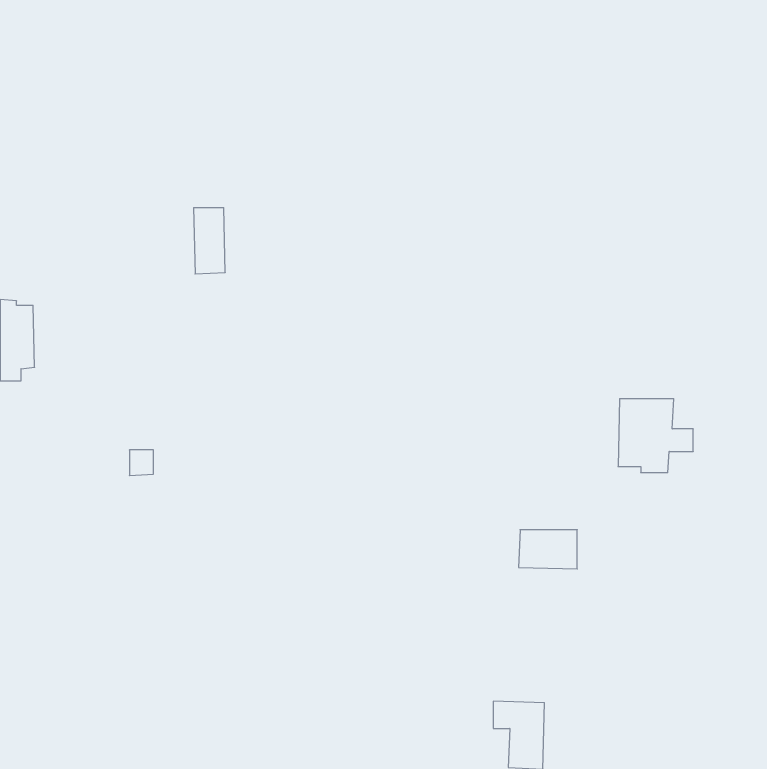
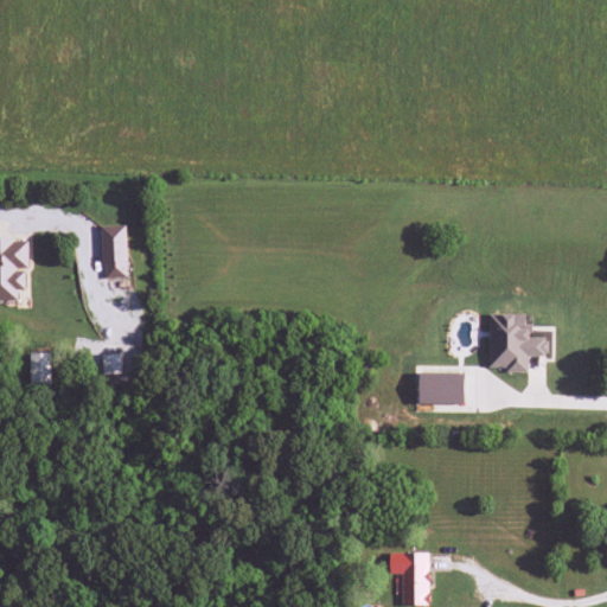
building: [194,208,225,274] -> [102,226,127,279]
building: none -> [30,353,51,384]
building: [519,530,577,569] -> [418,373,465,404]

